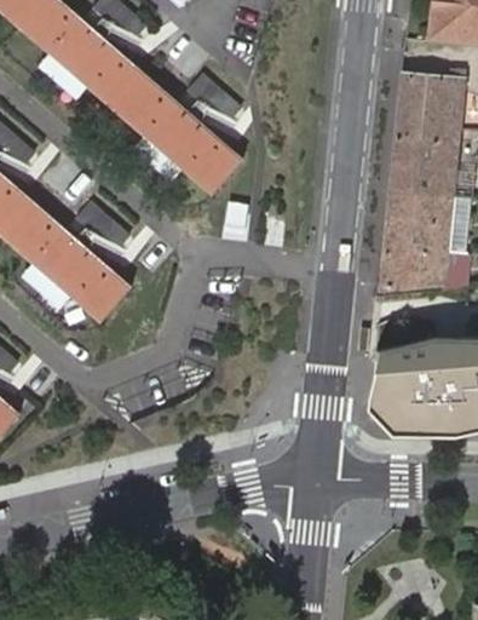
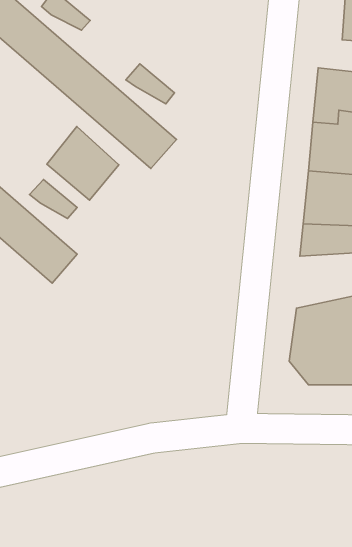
building: none -> [47,127,119,200]

